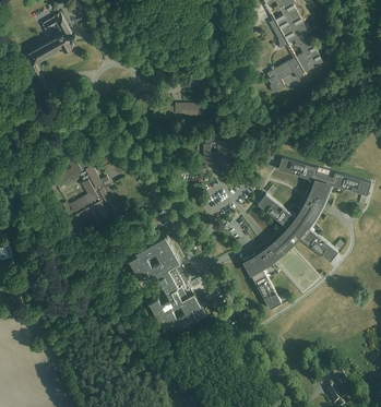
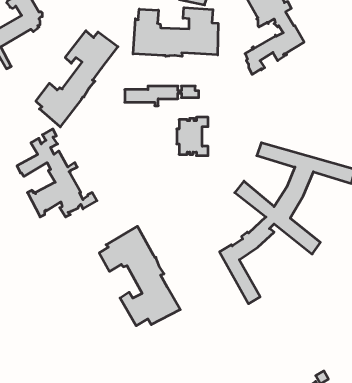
building: none -> [133,8,218,56]
building: none -> [36,31,118,127]

